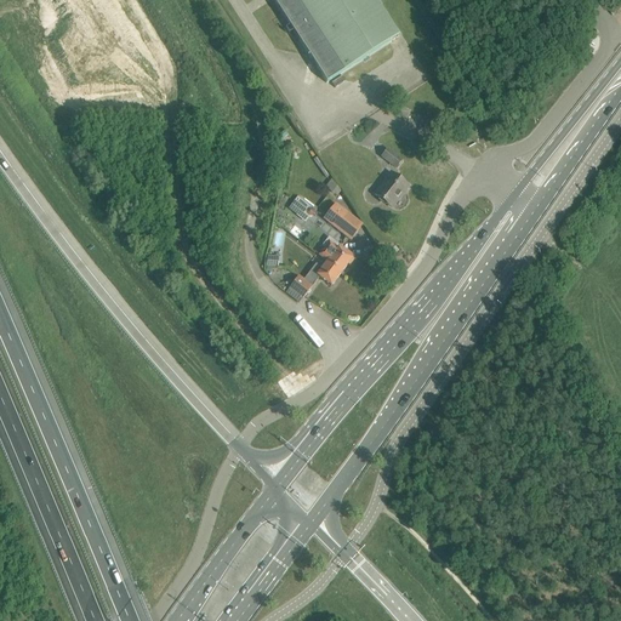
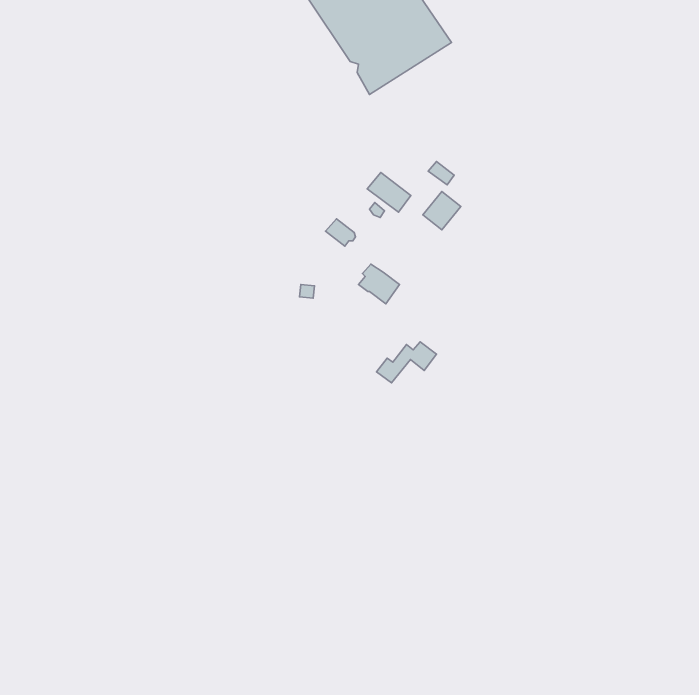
building: [323,201,361,237] -> [367,172,411,212]
building: [289,258,342,295] -> [376,342,437,383]

